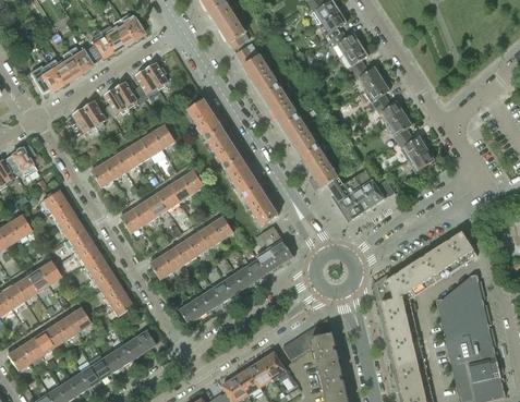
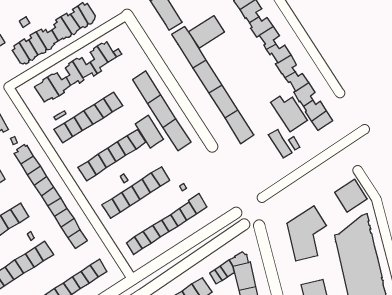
building: none -> [189,16,224,48]
building: [327,175,373,219] -> [270,96,308,132]
building: [243,185,278,226] -> [135,115,164,148]
building: [259,226,293,265] -> none
building: [411,247,451,288] -> none
building: [388,325,422,361] -> none

